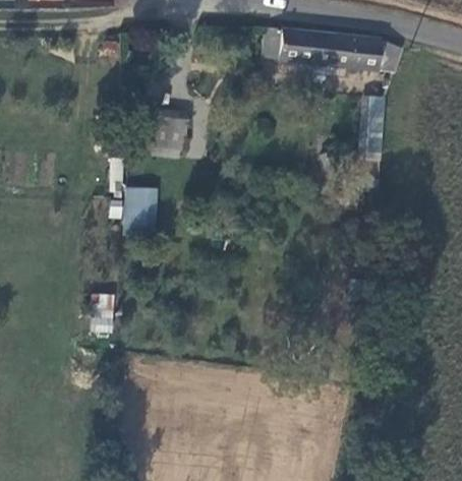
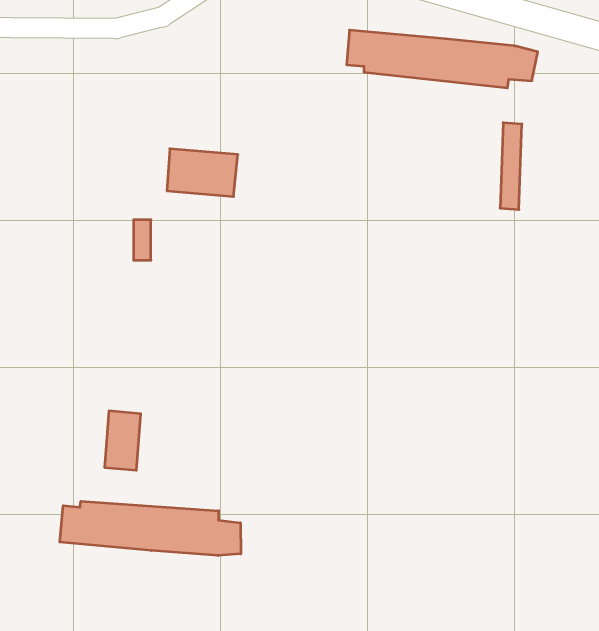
building: [123,189,157,239] -> none
building: none -> [60,501,241,556]

